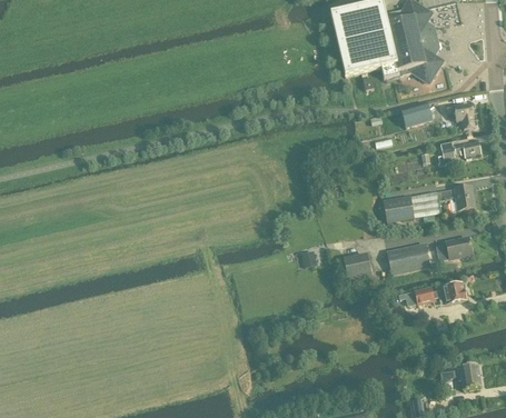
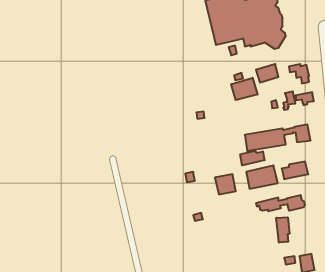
building: none -> [231,78,258,100]
building: none -> [240,151,265,165]
building: none -> [276,217,289,243]

